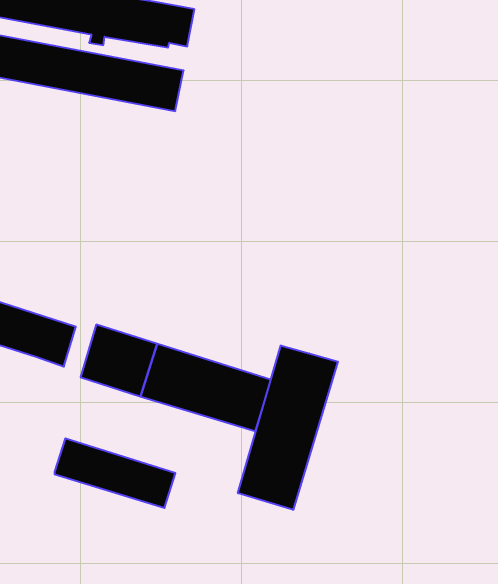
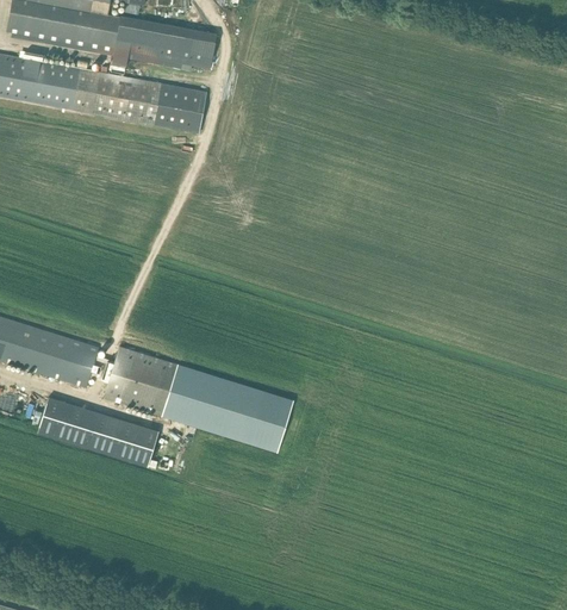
building: [238,345,338,510] -> none
building: [55,438,175,508] -> [38,397,158,466]

